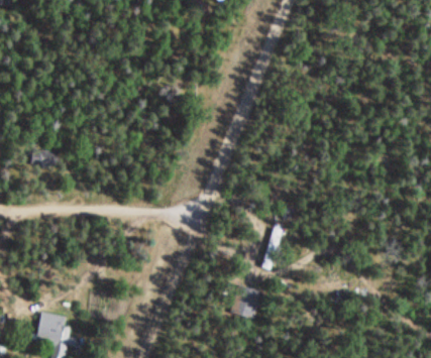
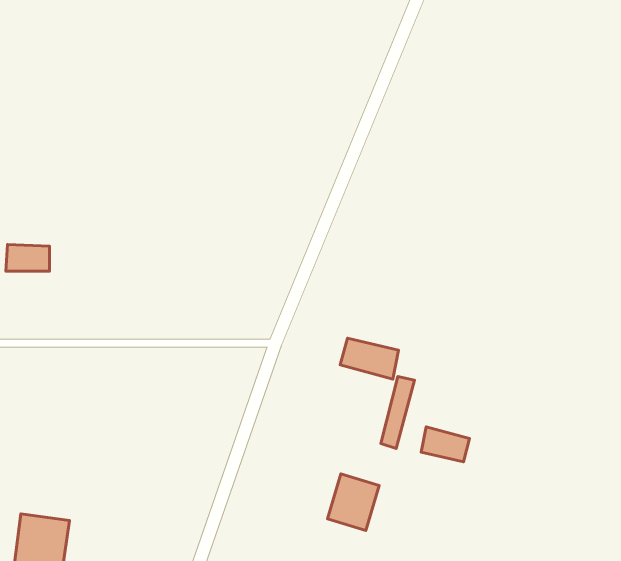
building: none -> [340,338,399,379]
building: none -> [421,427,470,462]

